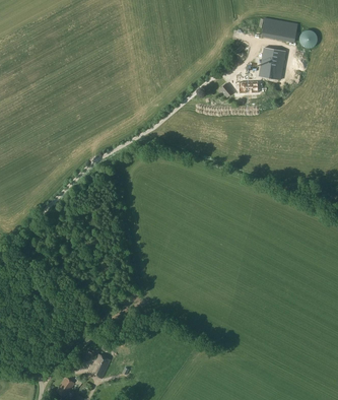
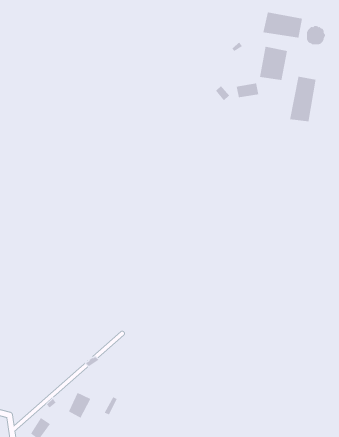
building: none -> [289,76,316,122]

